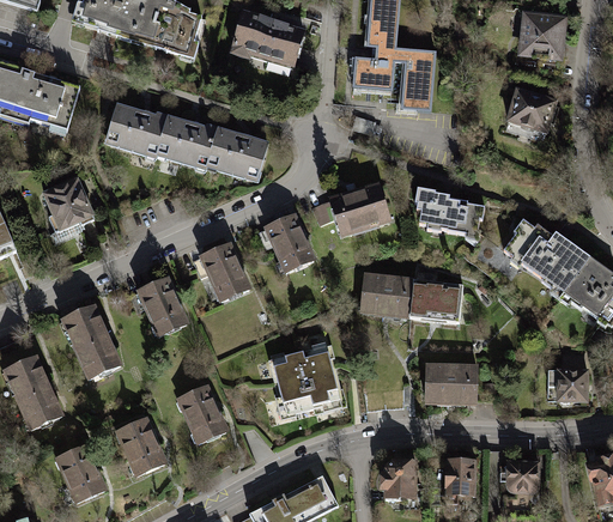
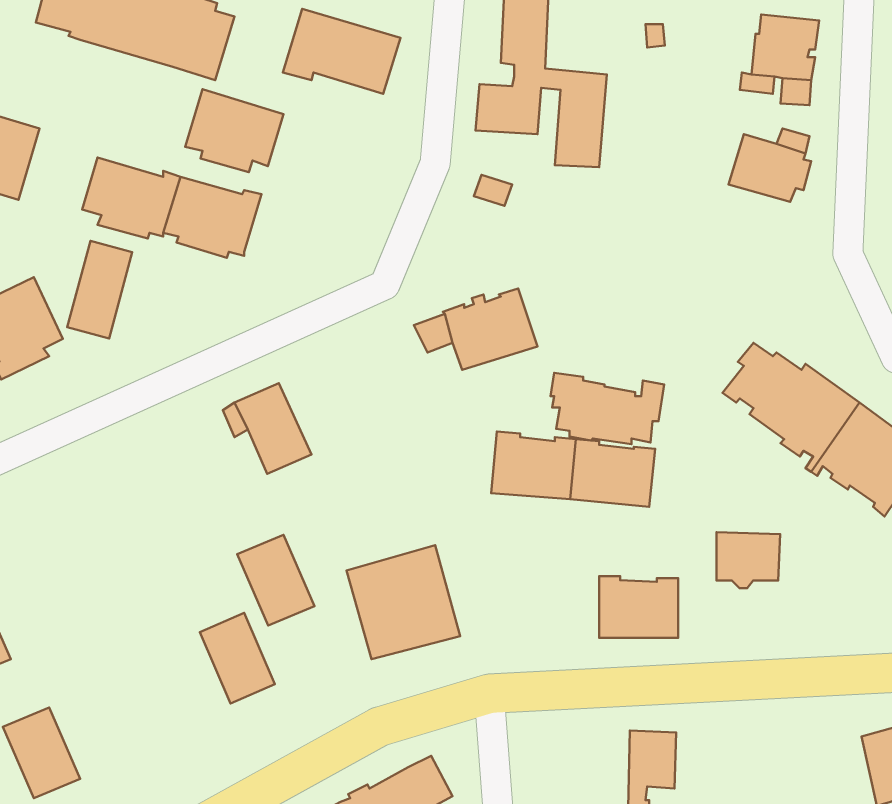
building: [207,127,268,178] -> [185,89,283,172]
building: none -> [67,241,132,339]
building: [415,189,486,233] -> [550,373,664,444]
building: [267,216,314,272] -> none
building: [139,279,187,335] -> [237,535,314,625]
building: [62,305,120,378] -> none
building: [548,370,588,405] -> [716,532,780,588]
building: [119,418,165,474] -> none
building: [508,457,539,492] -> none
building: [382,460,415,499] -> none

